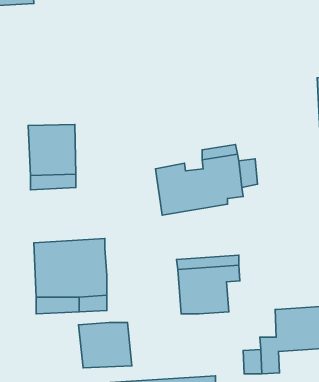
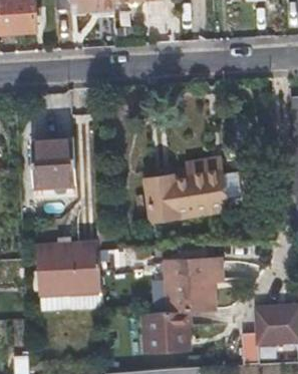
building: [79,323,132,368] -> [140,311,189,352]

